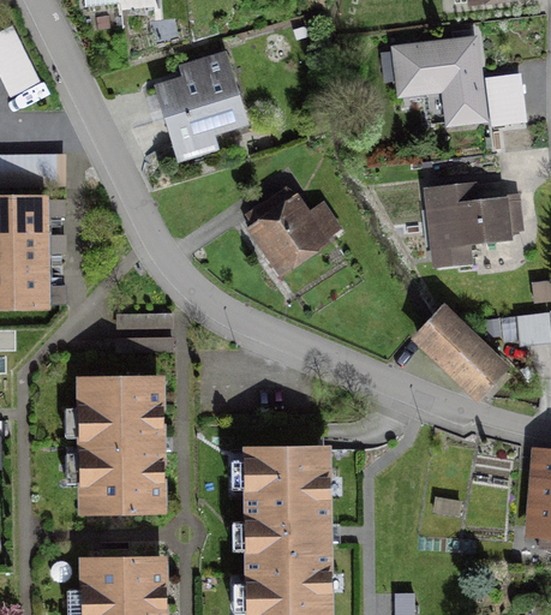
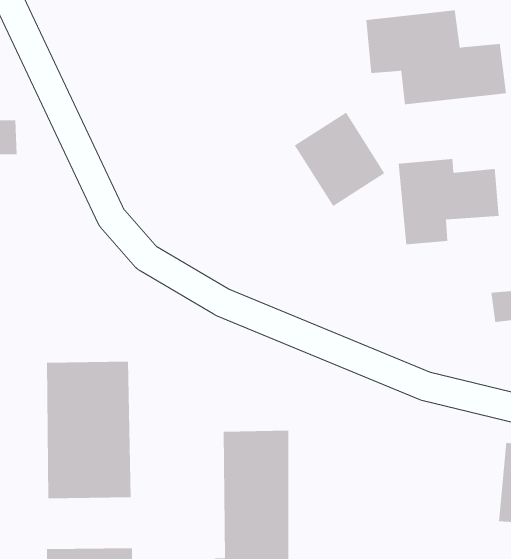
building: [145,48,244,151] -> none
building: [240,175,328,267] -> [294,112,385,207]
building: [420,309,510,398] -> none

